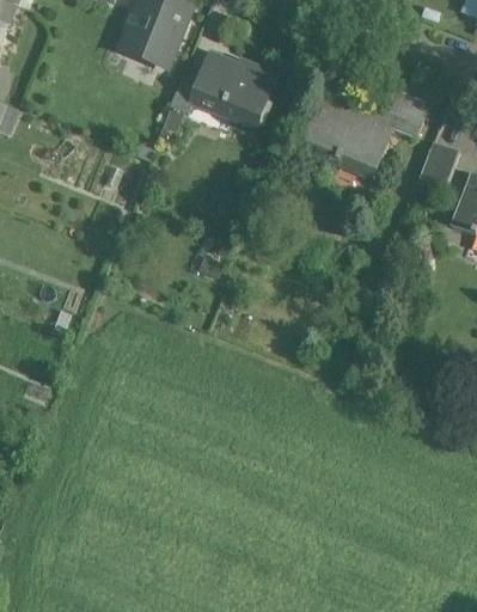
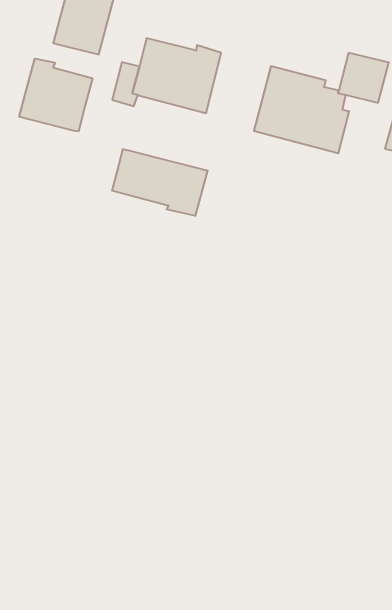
building: none -> [19,59,92,131]
building: none -> [112,149,208,216]

